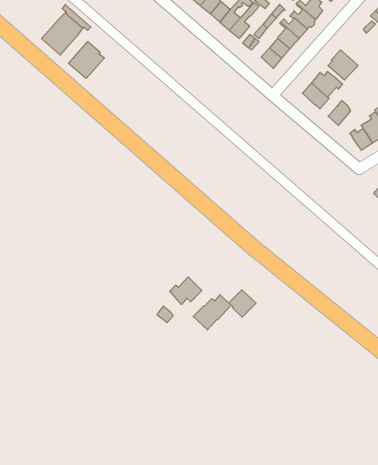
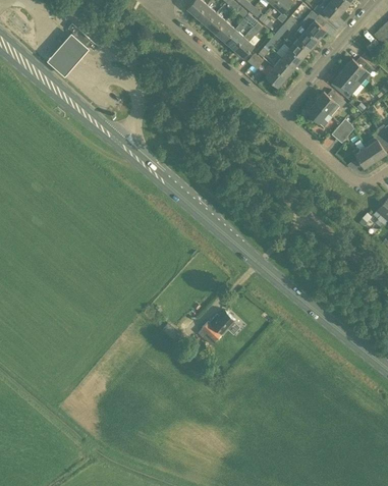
building: none -> [343,58,374,85]
building: [69,42,105,78] -> none
building: [170,277,202,304] -> none
building: [229,290,256,317] -> none

